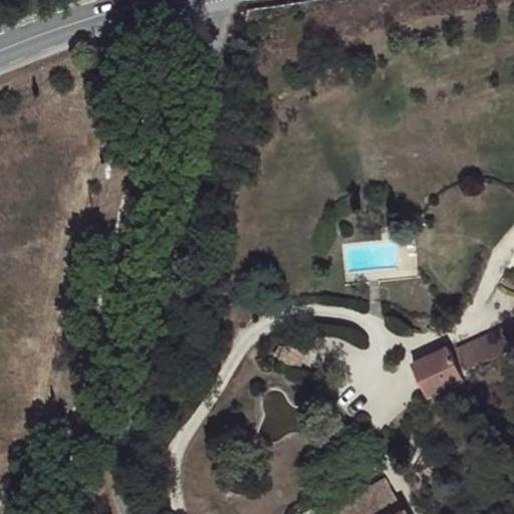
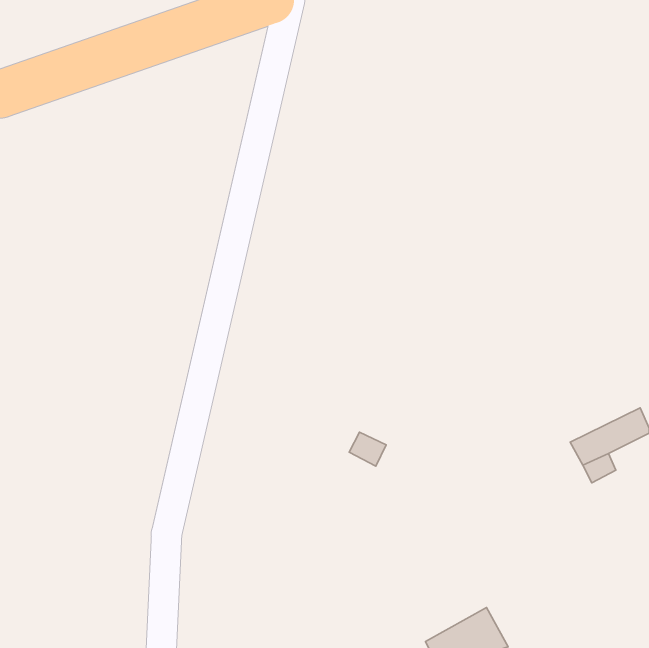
building: [412,351,461,399] -> none

